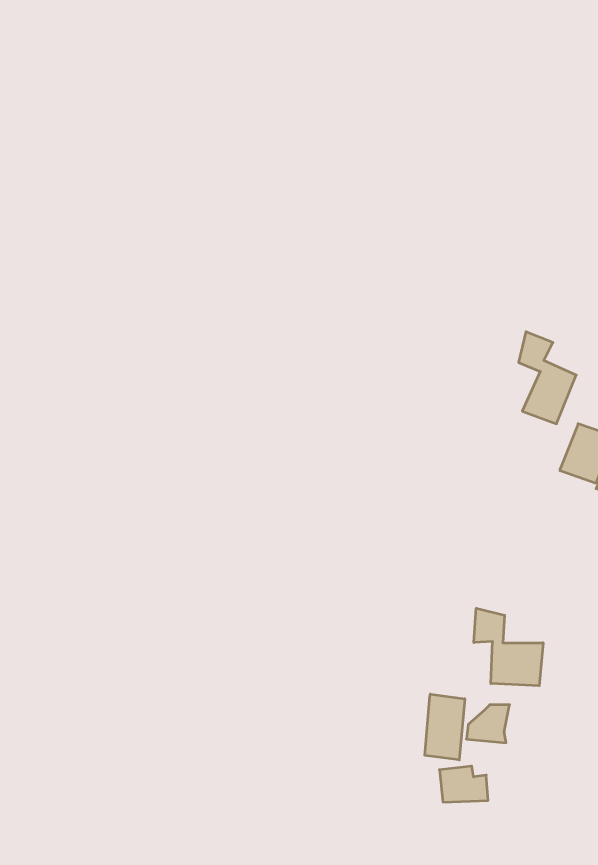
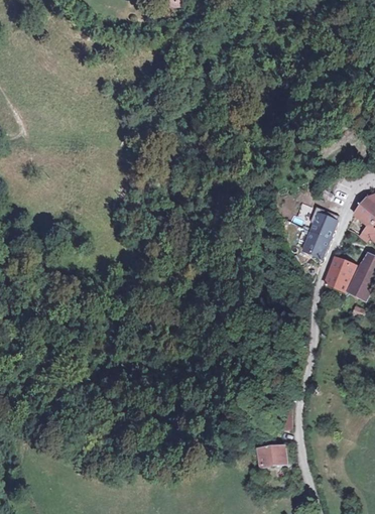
building: [474,608,543,686] -> none
building: [425,694,465,760] -> none

